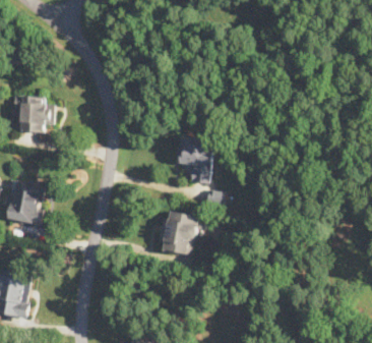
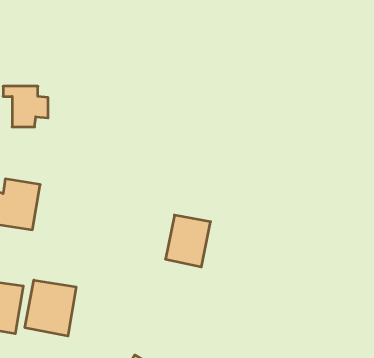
building: [177,136,212,183] -> none
building: none -> [25,280,76,336]

